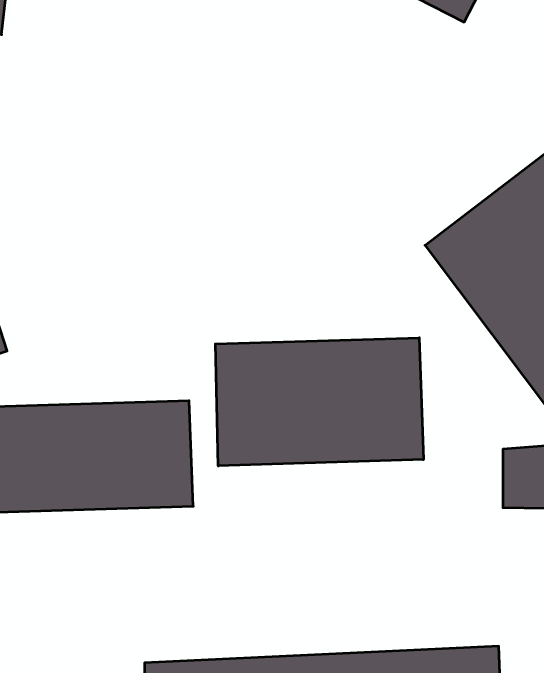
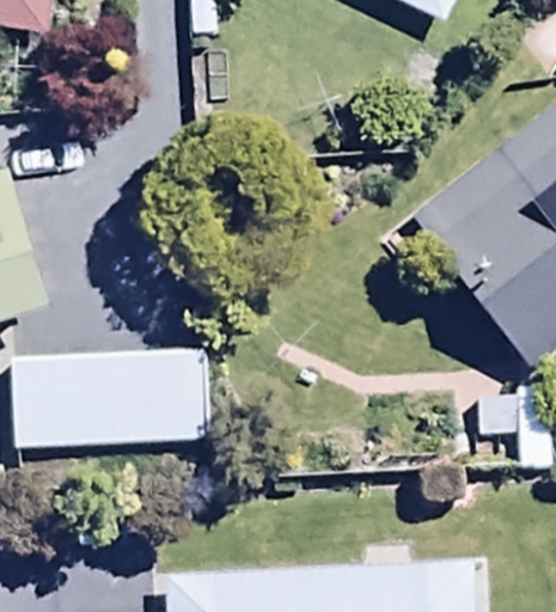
building: [215,338,423,466] -> none

